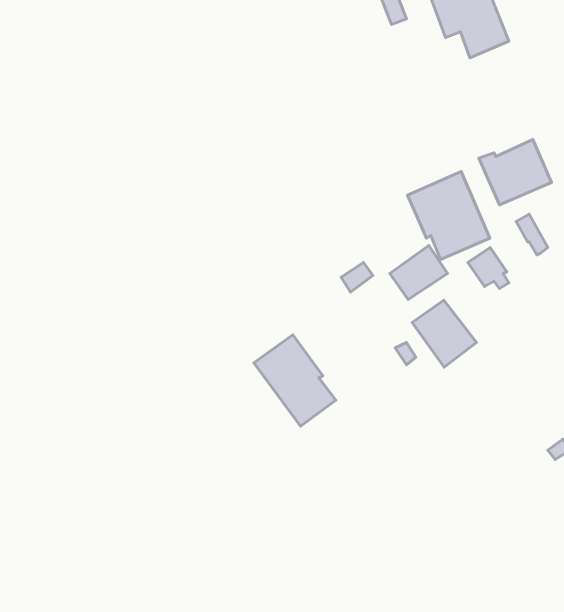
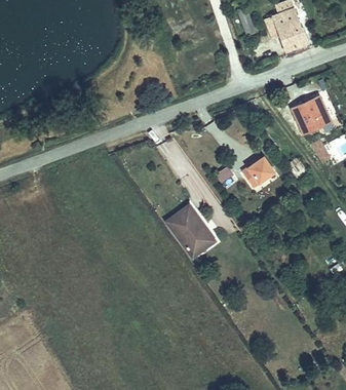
building: [408,171,490,259] -> none
building: [412,300,476,367] -> none

